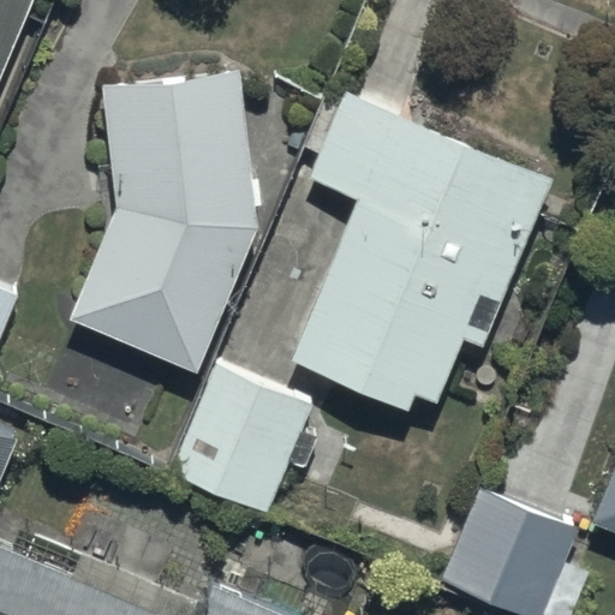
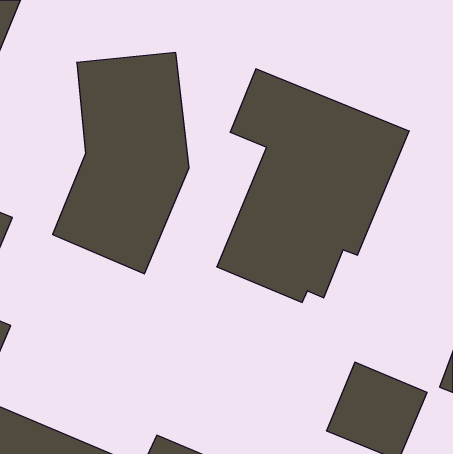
building: [171,366,310,513] -> none

